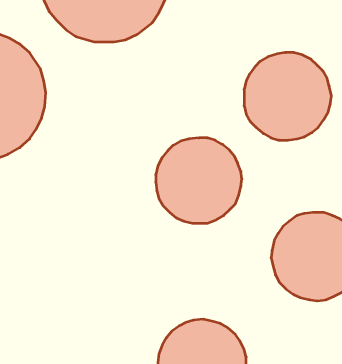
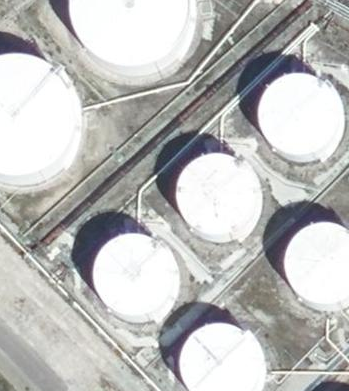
building: none -> [92,231,174,313]

